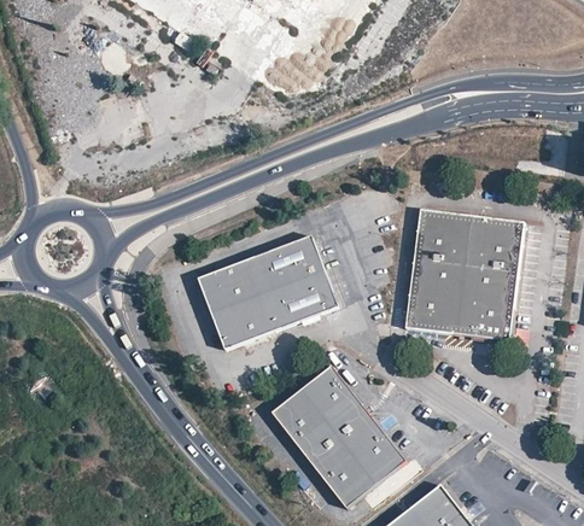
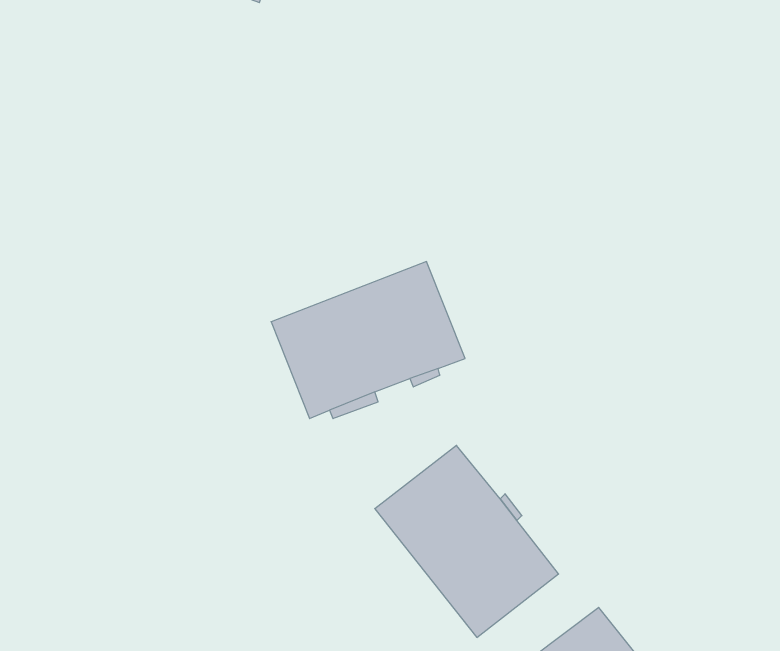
building: [405,209,522,339] -> none

